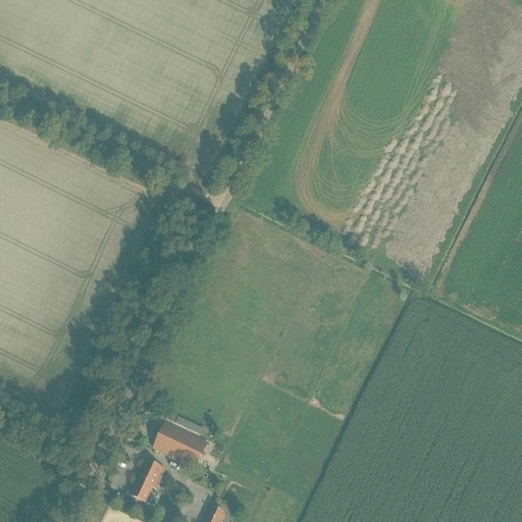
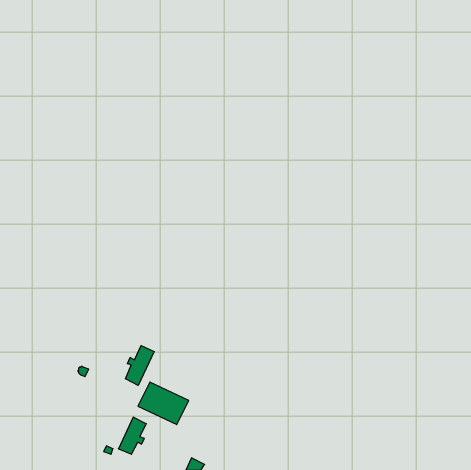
building: none -> [126,346,154,385]

